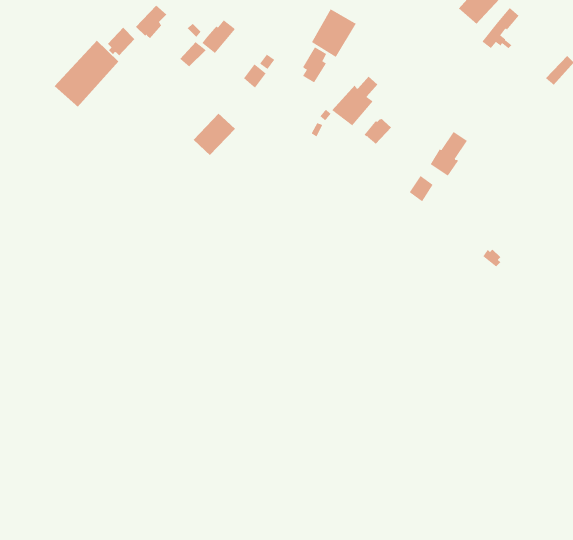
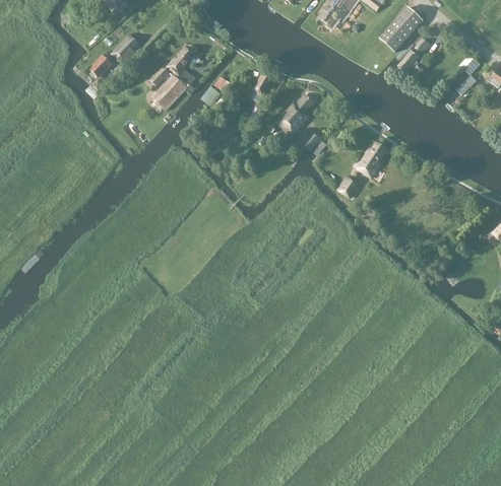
building: [311,8,356,58] -> none
building: [54,40,119,108] -> none
building: [193,113,236,156] -> [153,74,189,110]

